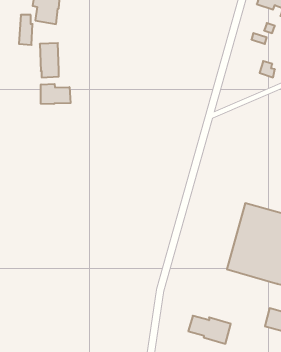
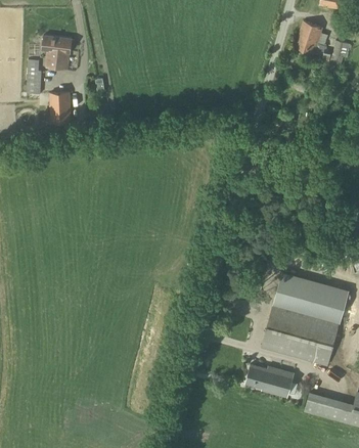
building: [41,84,71,104] -> none
building: [188,316,231,344] -> [245,364,294,396]

